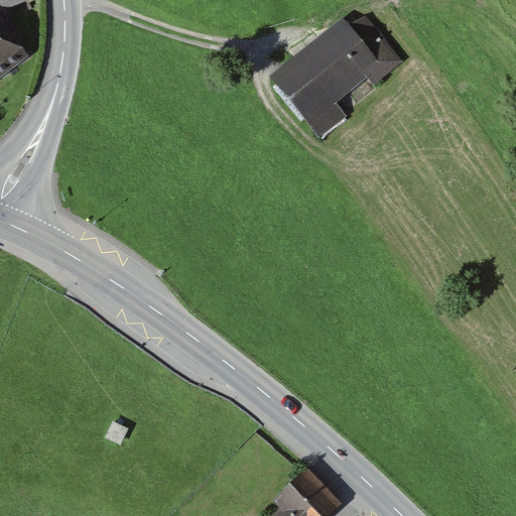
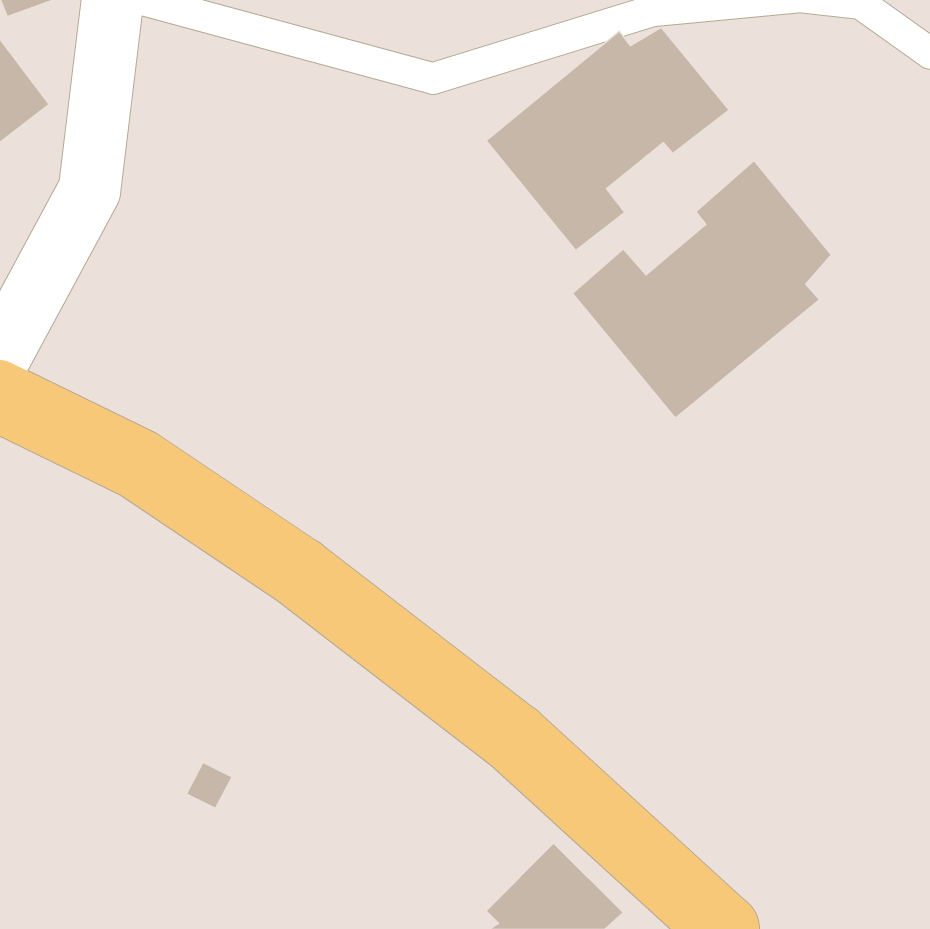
building: none -> [572,161,831,418]

